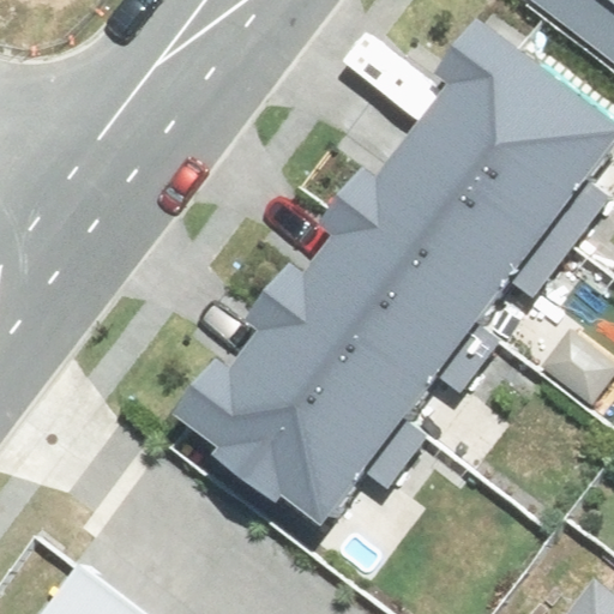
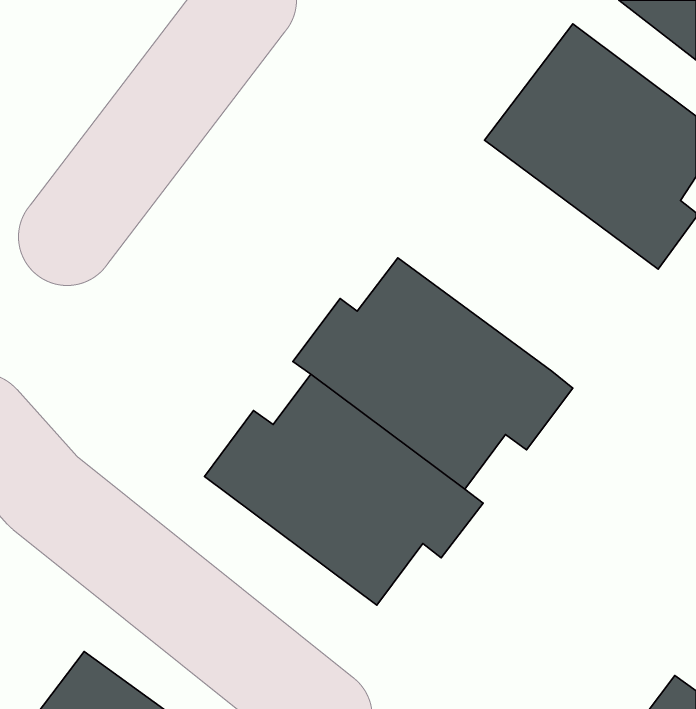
building: [327,126,564,324] -> none

